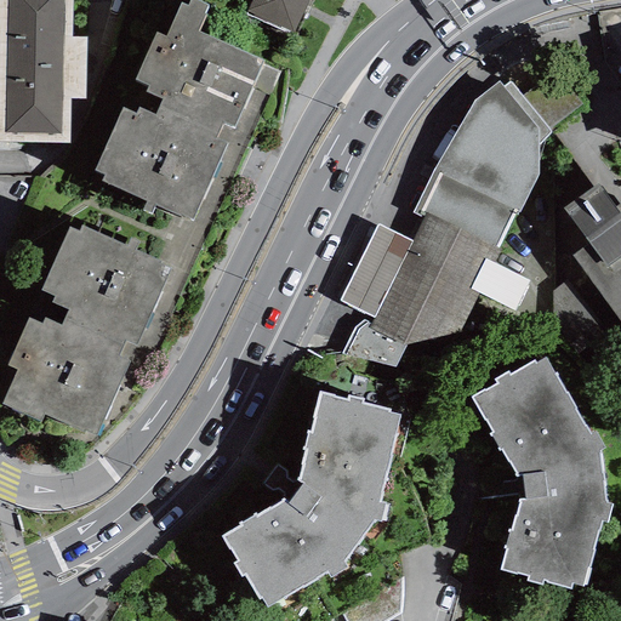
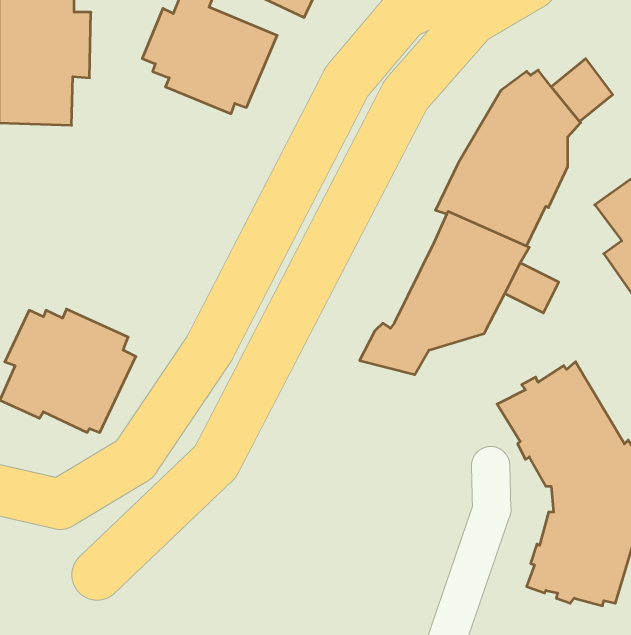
building: [96,98,228,211] -> none
building: [42,217,172,335] -> none
building: [340,228,412,321] -> none
building: [223,393,400,610] -> none

